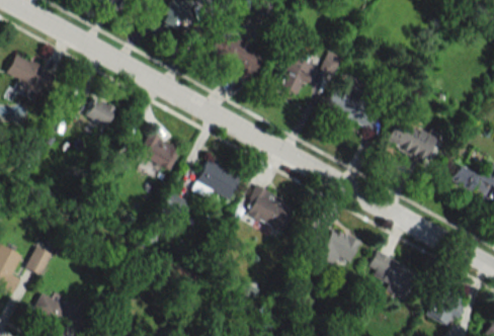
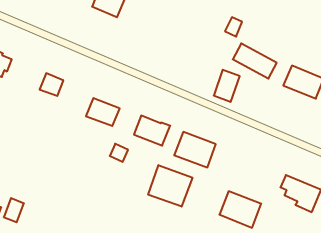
building: [210,29,267,77] -> none
building: [280,56,315,96] -> [214,70,240,102]
building: none -> [148,165,192,207]
building: [307,225,359,272] -> [219,191,261,228]

